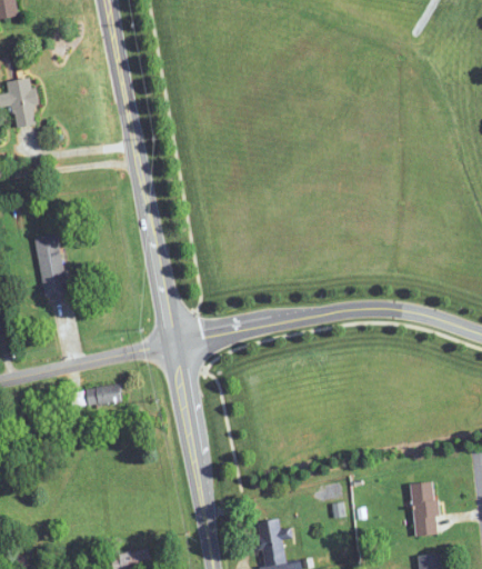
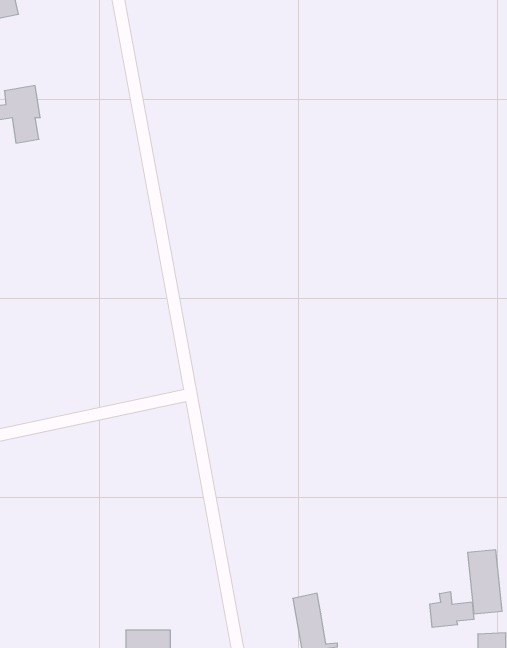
building: [34,234,67,302] -> none
building: [87,387,120,405] -> none
building: none -> [430,592,474,627]

